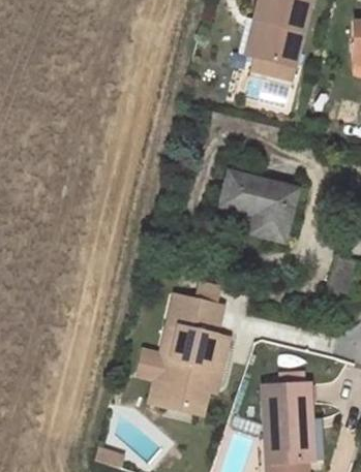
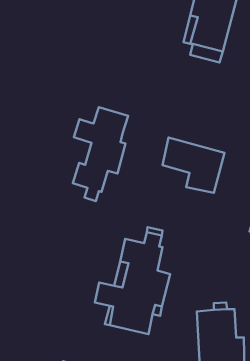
building: none -> [73,107,128,201]

